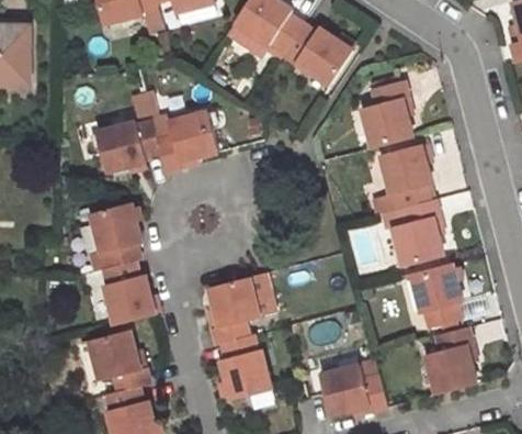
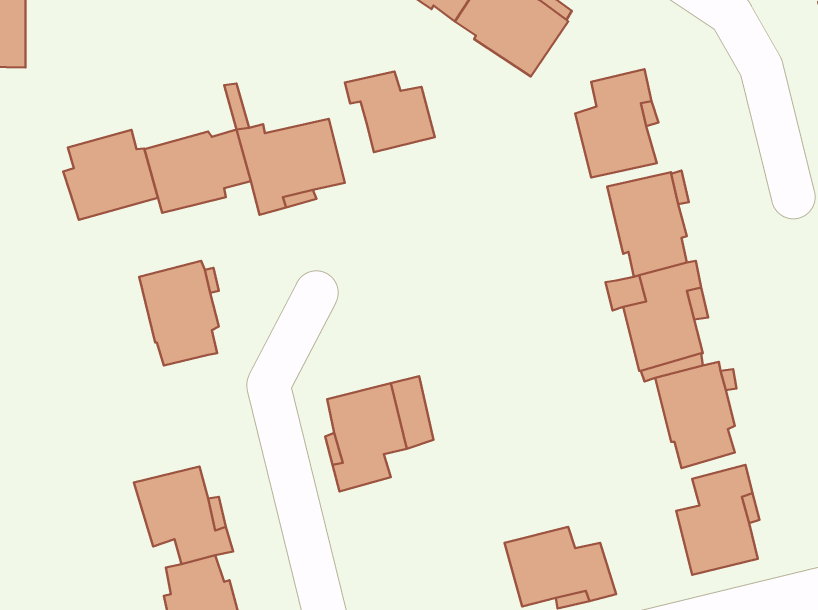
building: none -> [345,72,435,152]
building: none -> [63,130,158,220]
building: [103,260,160,324] -> none
building: [218,335,270,402] -> none

